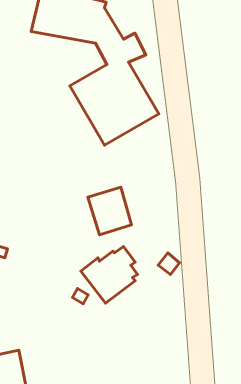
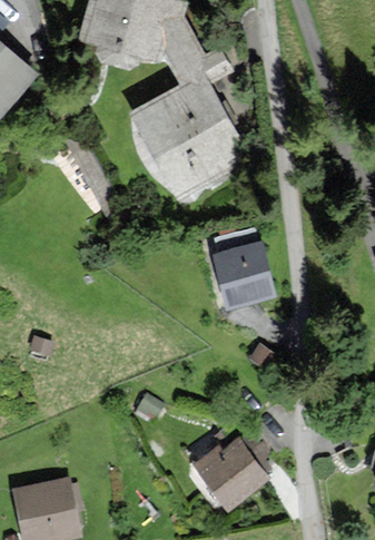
building: [88,187,131,235] -> [216,245,275,310]
building: [81,246,137,303] -> [191,430,268,507]

